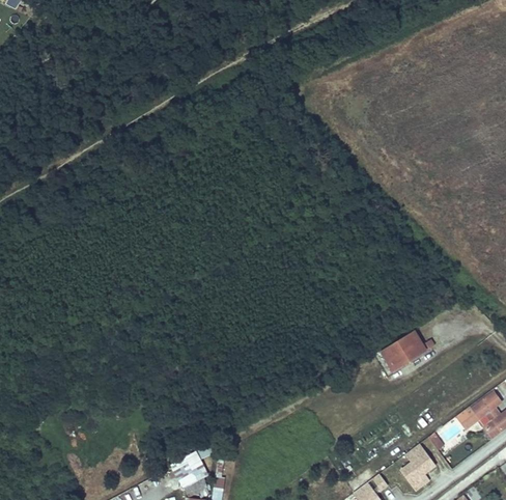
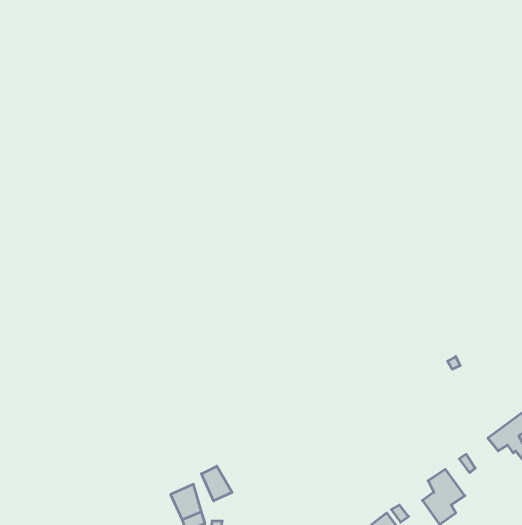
building: [380,334,424,376] -> none
building: none -> [201,466,232,501]

